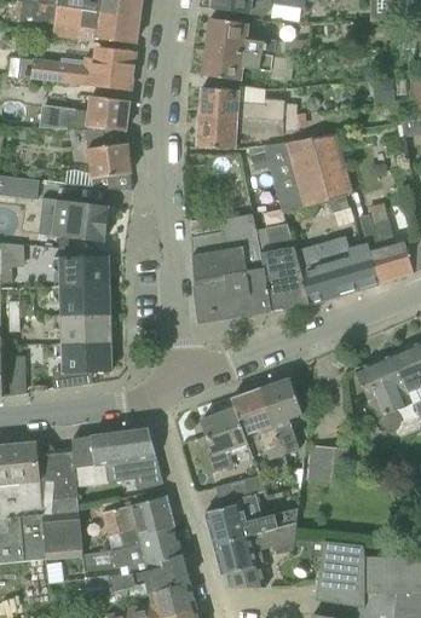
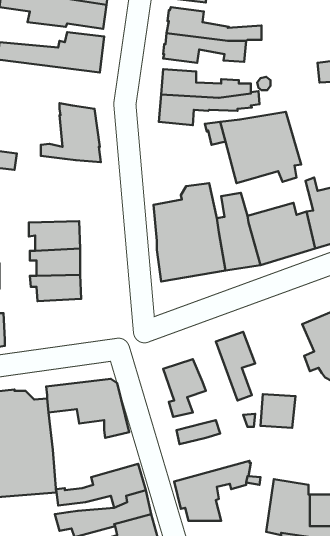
building: [40,96,128,131] -> none
building: [52,198,109,242] -> none
building: [54,341,110,387] -> none
building: [231,388,288,470] -> none
building: [100,495,173,538] -> none
building: [204,502,298,543] -> none

